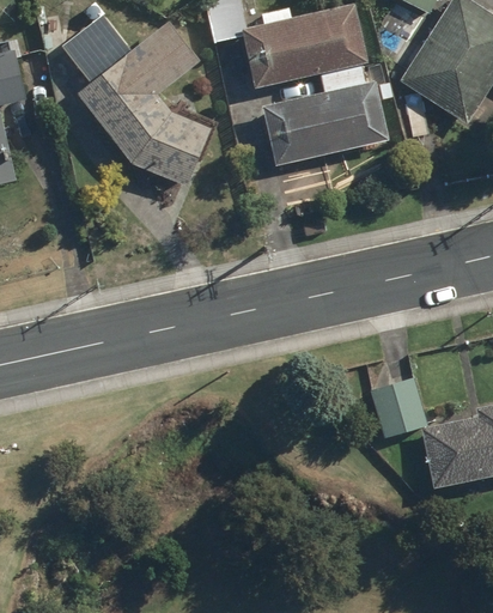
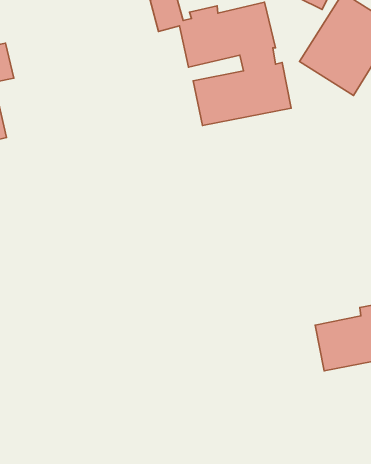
building: [62,16,209,187] -> none
building: [371,377,426,435] -> none

